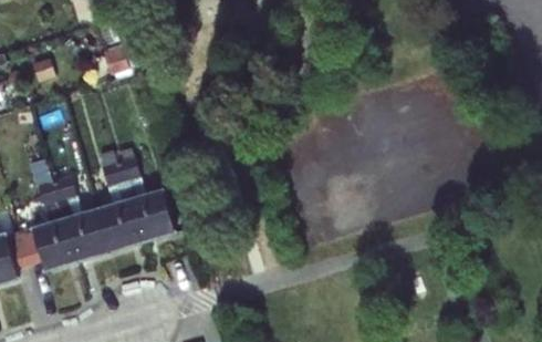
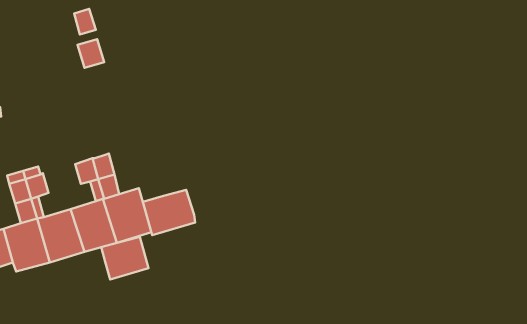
building: none -> [143,190,195,235]
building: none -> [101,237,149,279]

